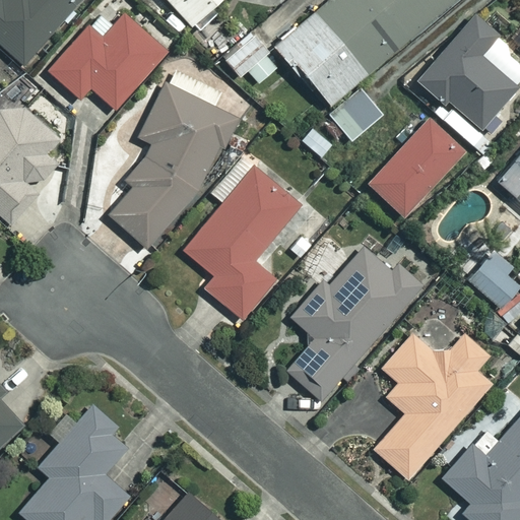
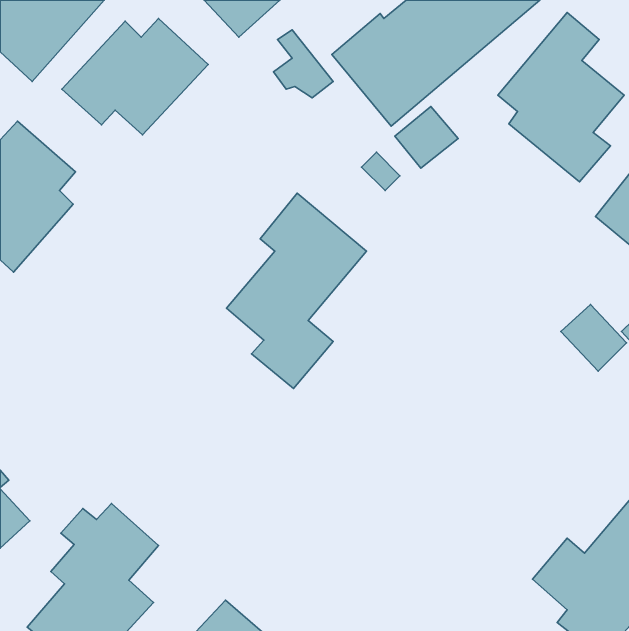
building: [115,86,252,252] -> none
building: [364,117,459,214] -> none
building: [282,244,420,399] -> none
building: [372,317,489,477] -> none

